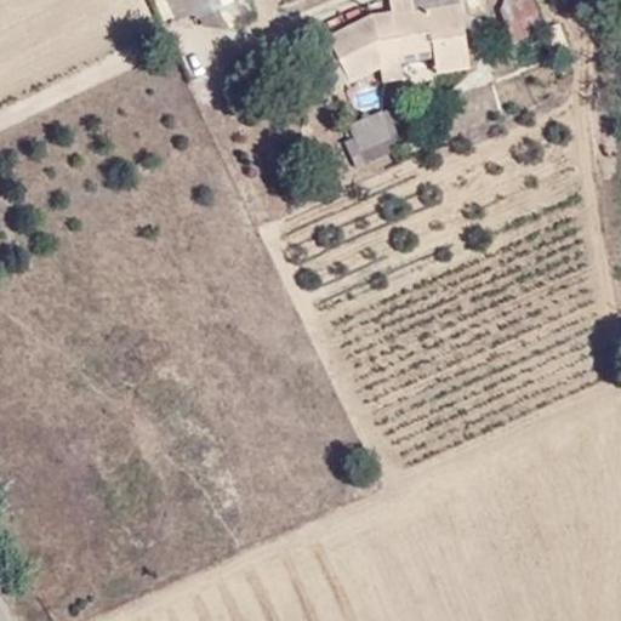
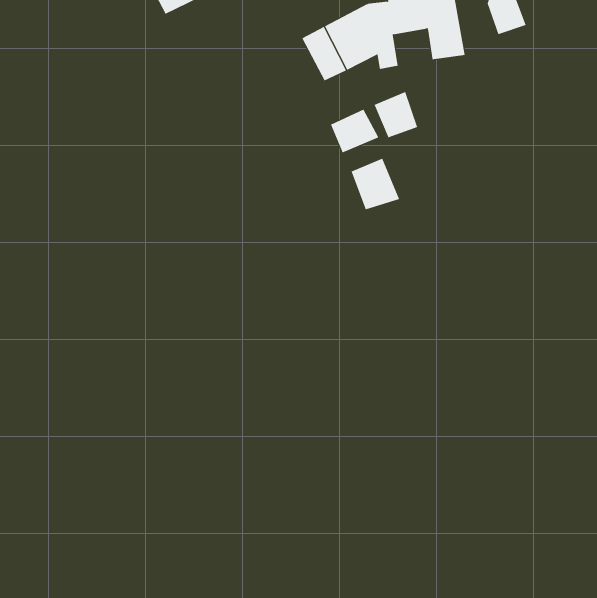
building: none -> [374,91,418,138]
building: none -> [351,158,400,210]

